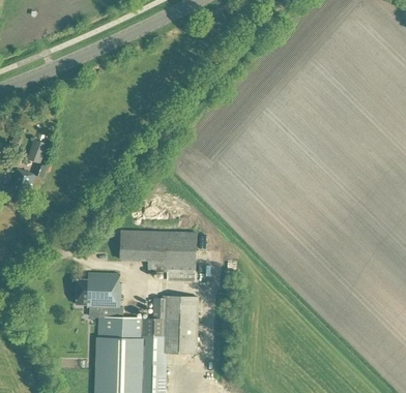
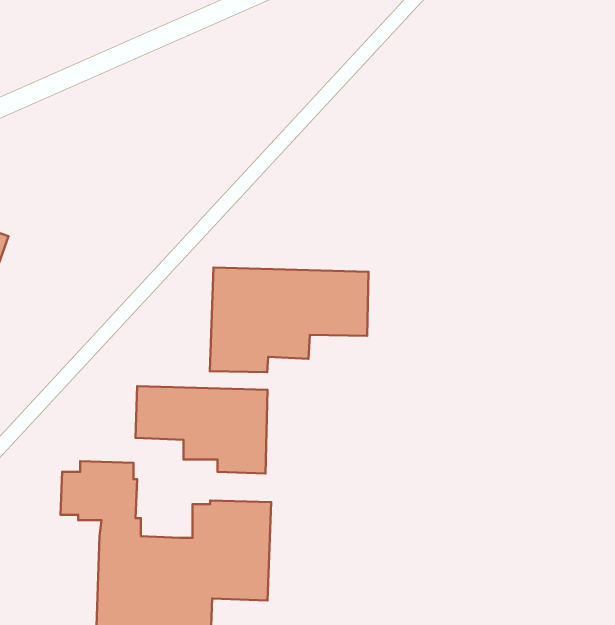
building: none -> [210,268,368,372]

